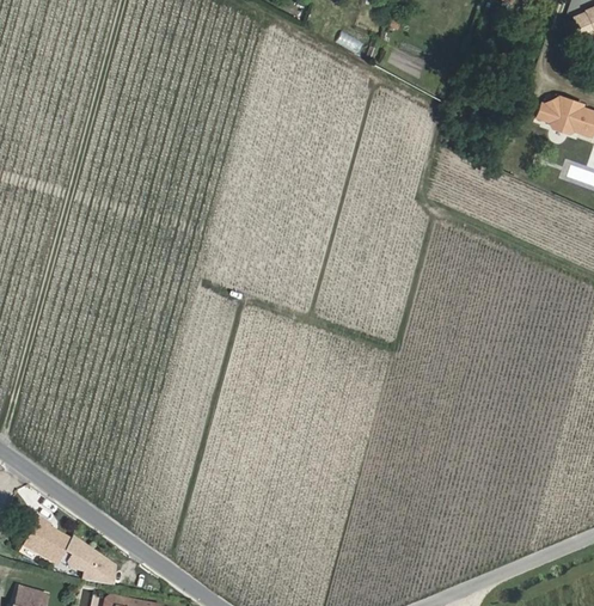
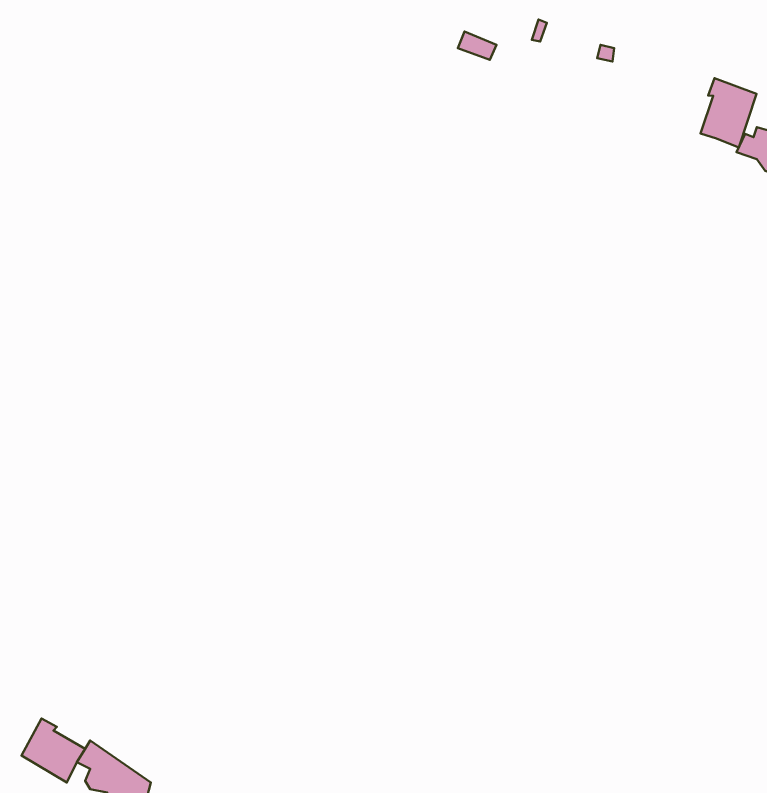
building: none -> [700,78,757,148]

